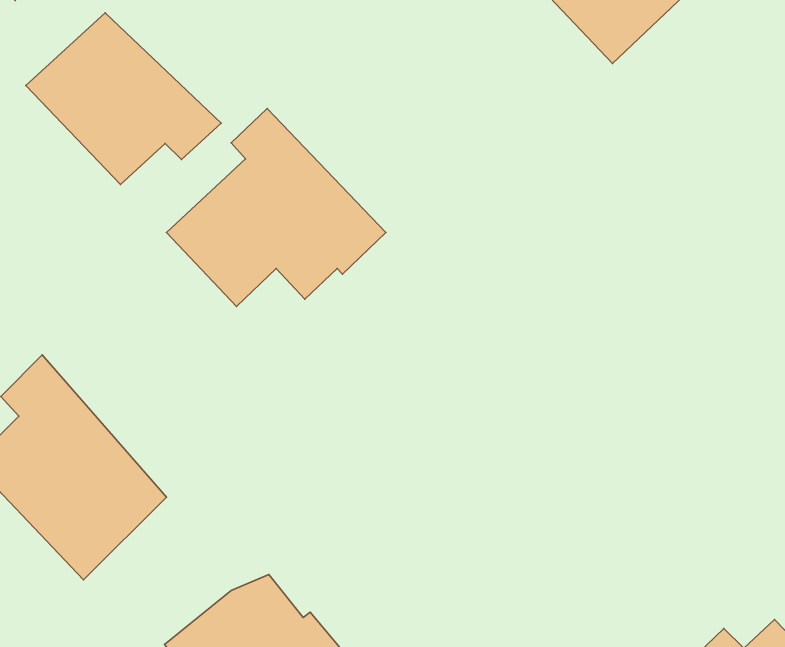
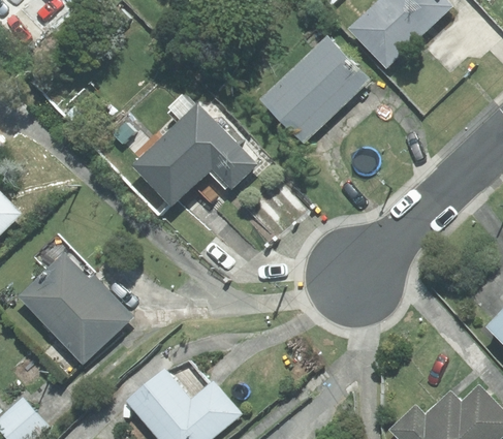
building: none -> [261,35,371,144]
building: [26,13,221,185] -> none

